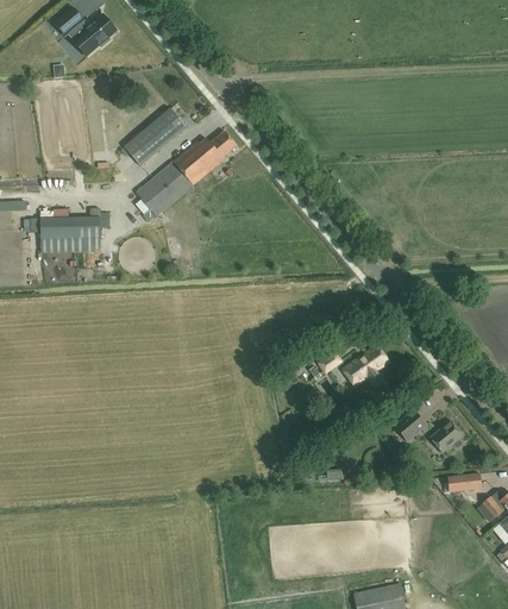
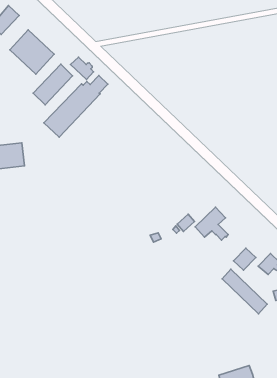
building: none -> [10,30,54,74]
building: none -> [71,57,94,79]
building: none -> [222,269,267,314]

